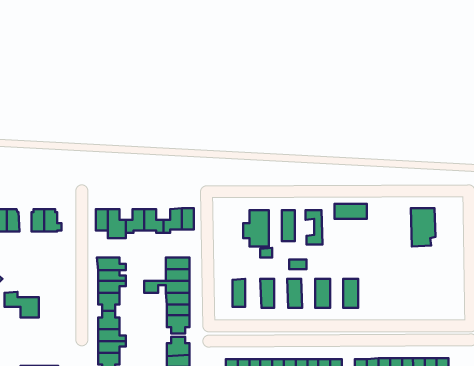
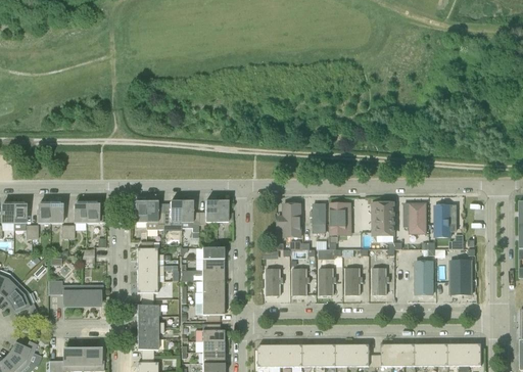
building: none -> [409,202,426,234]
building: none -> [376,212,392,236]
building: none -> [449,259,471,294]
building: none -> [414,260,433,294]
building: none -> [82,285,103,305]

